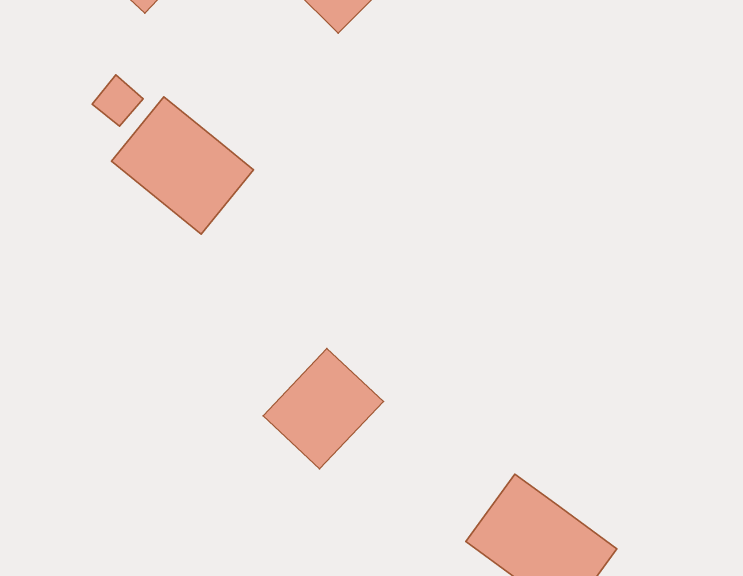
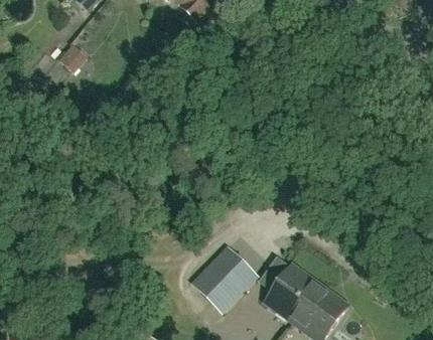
building: [112,97,254,234] -> none
building: [263,348,383,469] -> [191,245,258,312]

